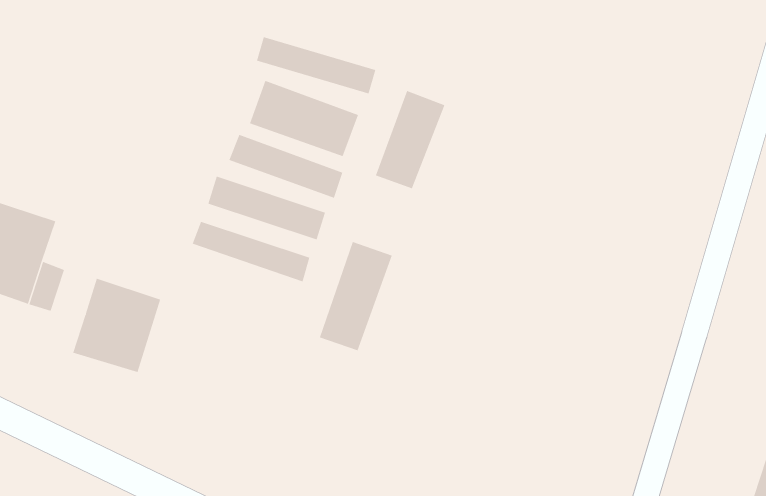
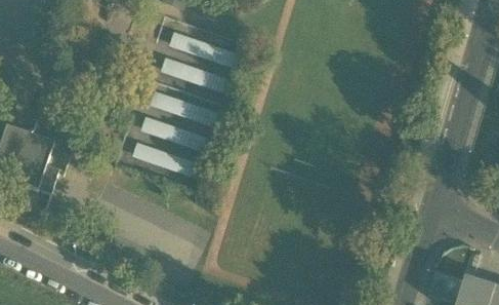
building: [375,90,445,189] -> none
building: [319,241,392,351] -> none
building: [72,278,161,373] -> none

